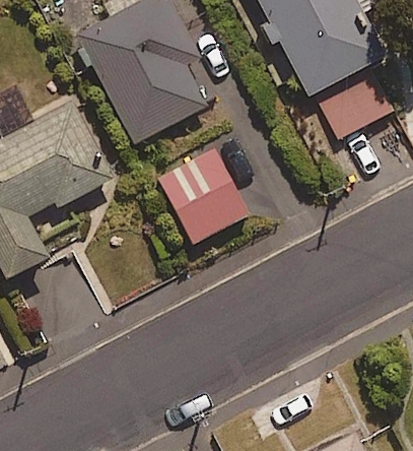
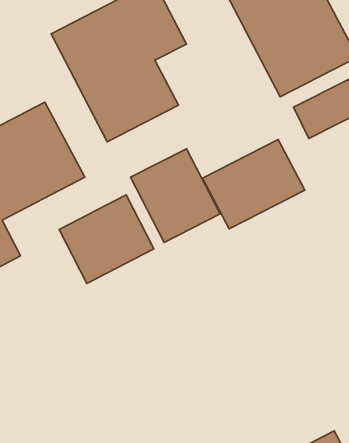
building: none -> [203,139,305,229]
building: none -> [59,195,154,283]

